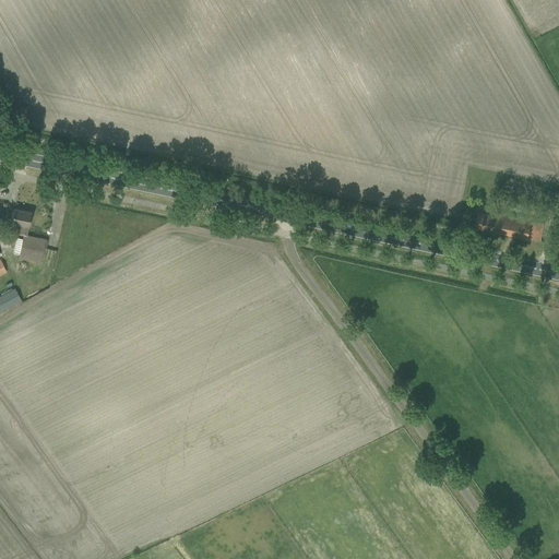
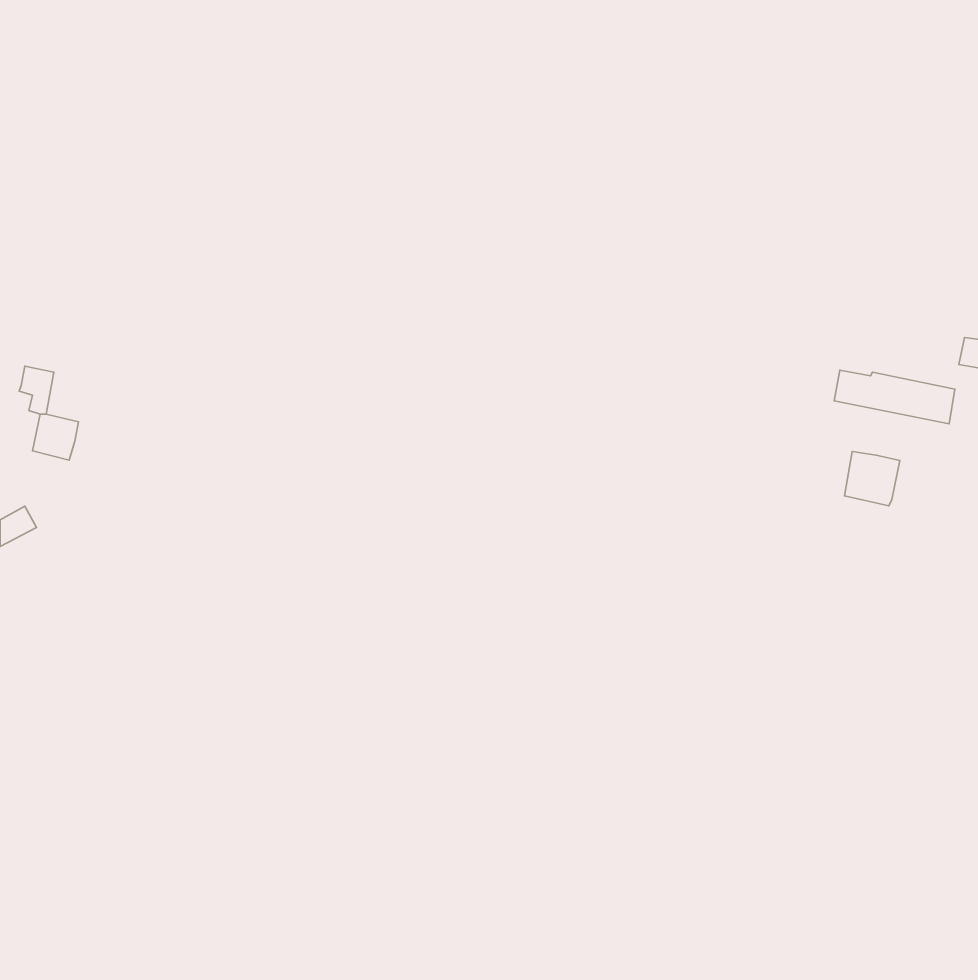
building: none -> [844,452,900,506]

